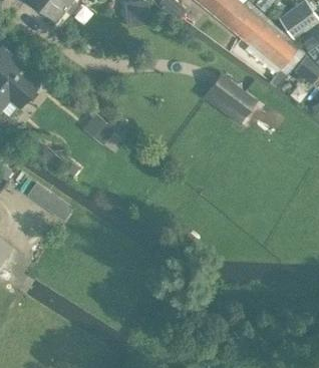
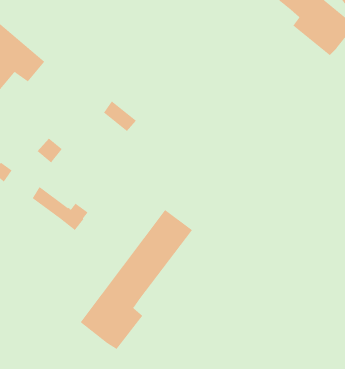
building: [208,75,256,118] -> none
building: none -> [80,209,193,350]

